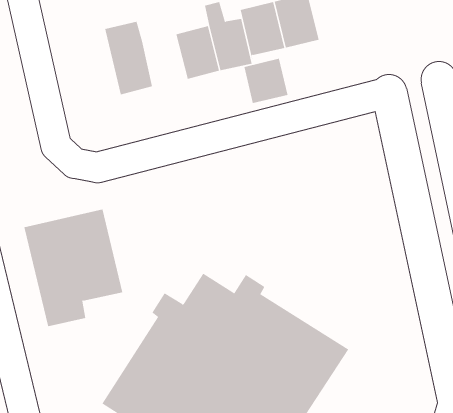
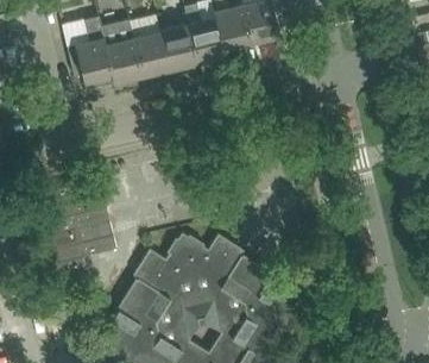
building: none -> [68,18,114,90]
building: none -> [133,32,170,76]
building: [244,58,288,104] -> none

